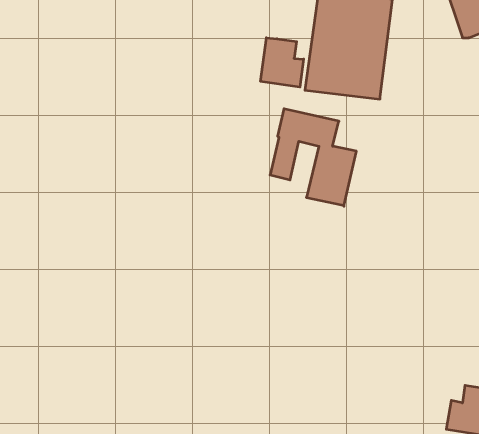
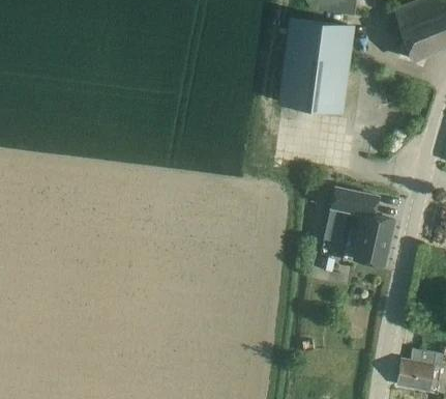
building: [261,38,304,87] -> none
building: [270,109,356,206] -> [324,186,395,266]

